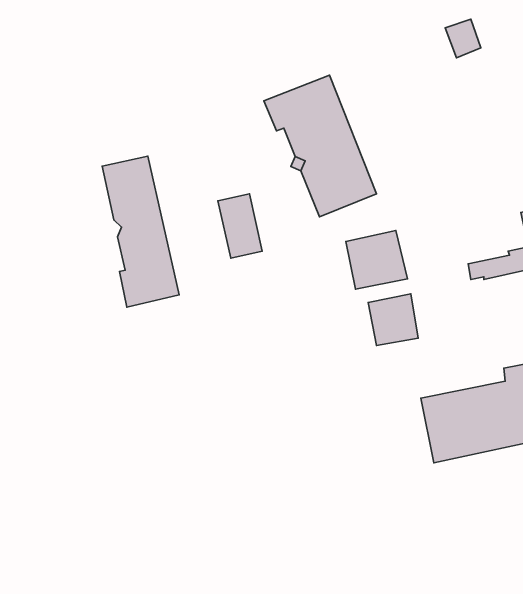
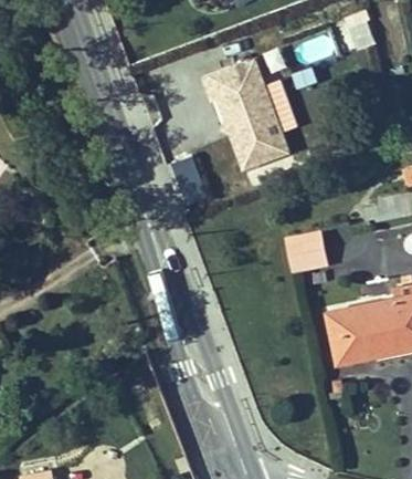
building: [102,156,179,307] -> none
building: [346,230,407,289] -> none

